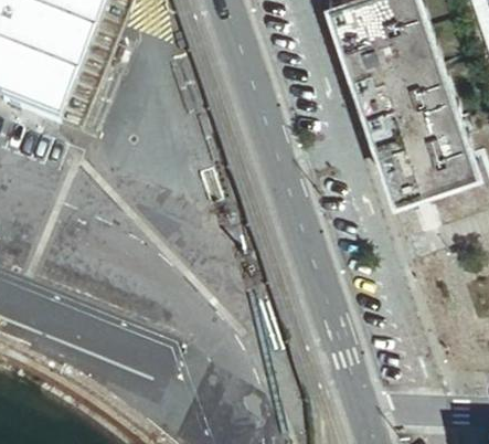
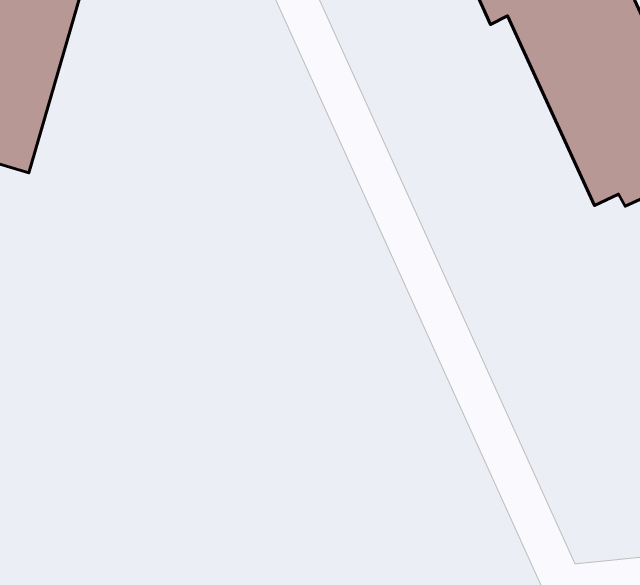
building: [347,55,418,189] -> none

